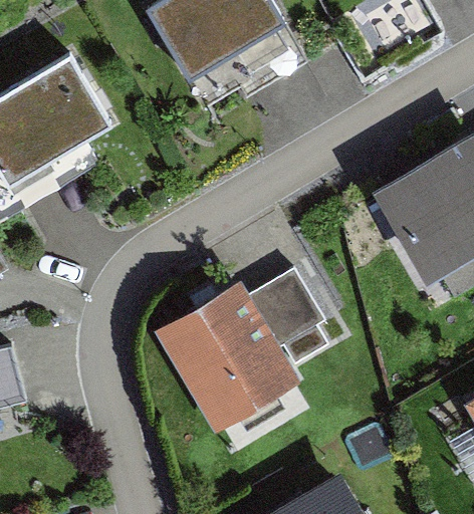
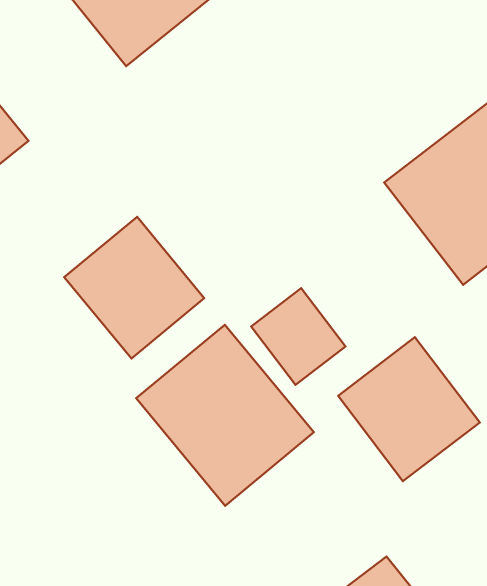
building: none -> [64,217,204,359]
building: none -> [338,337,480,481]

